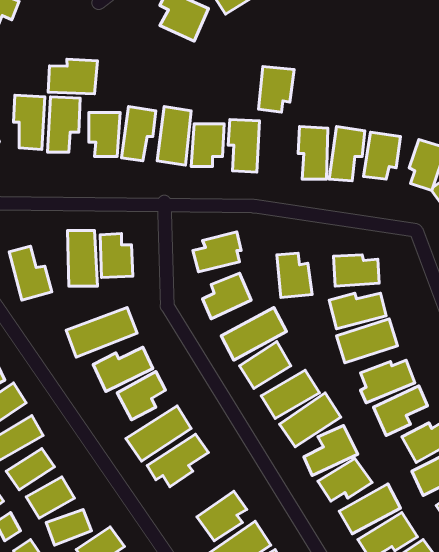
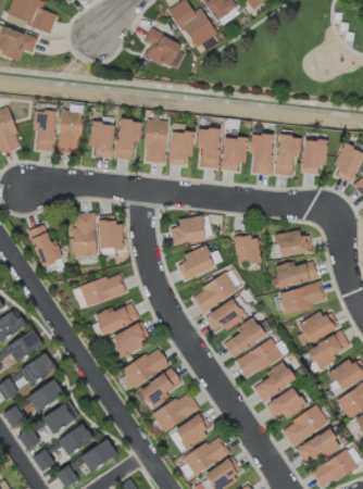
building: [48,59,98,94] -> none
building: [259,67,294,112] -> [221,136,248,171]
building: none -> [152,391,199,432]

